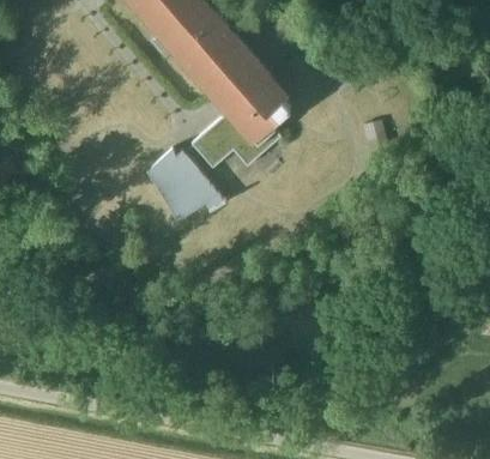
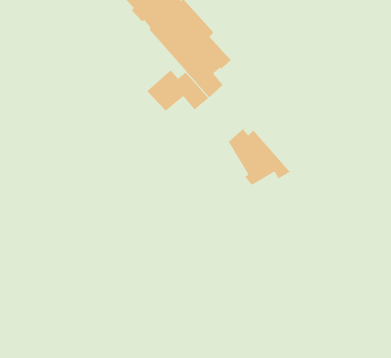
building: [150,149,224,218] -> [228,126,292,186]

